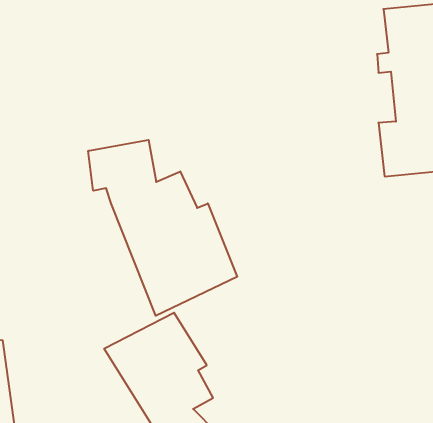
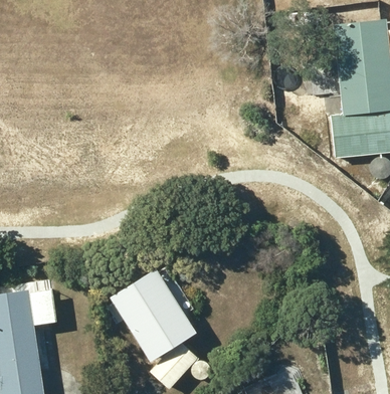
building: [88,140,237,316] -> none

